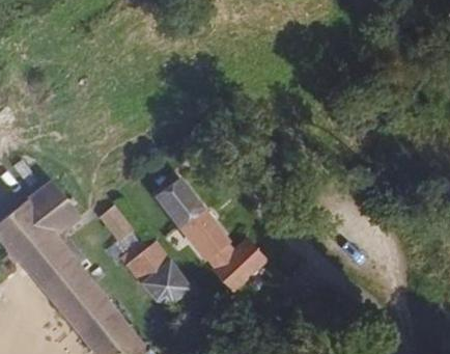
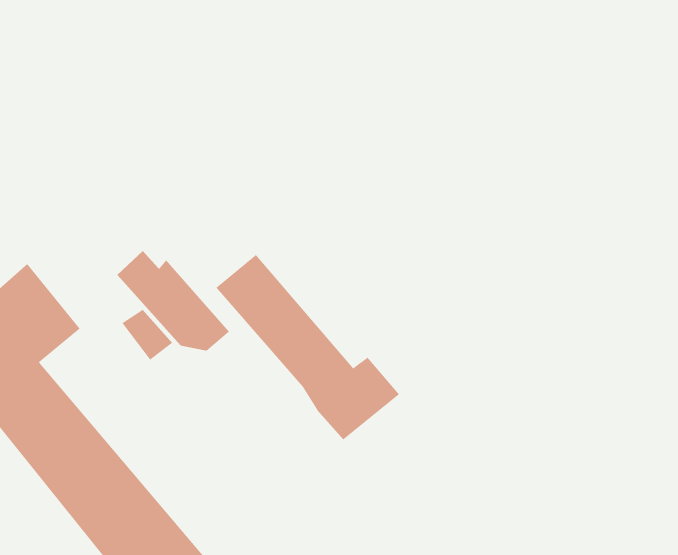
building: [131,244,197,303] -> [116,250,230,351]

